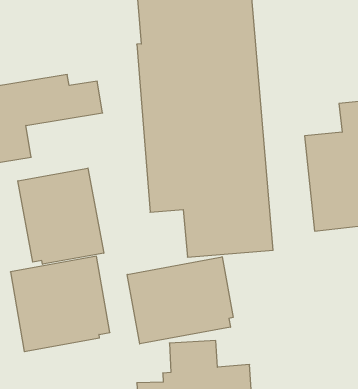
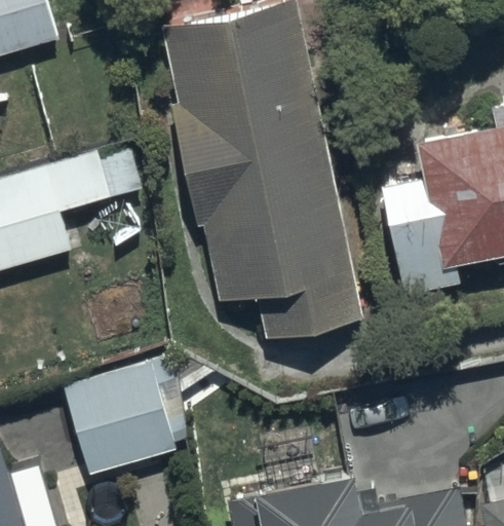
building: [18,168,104,264] -> none
building: [127,257,233,344] -> none

